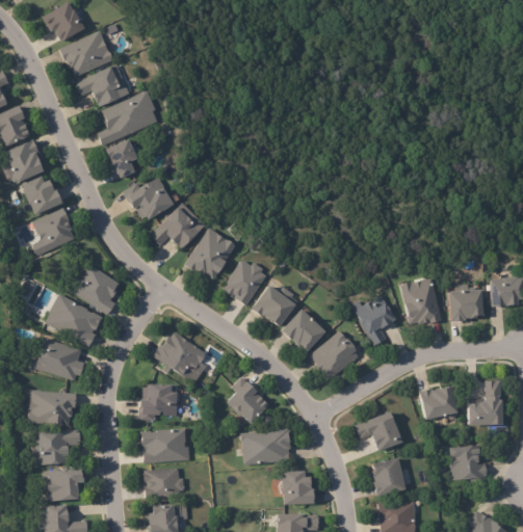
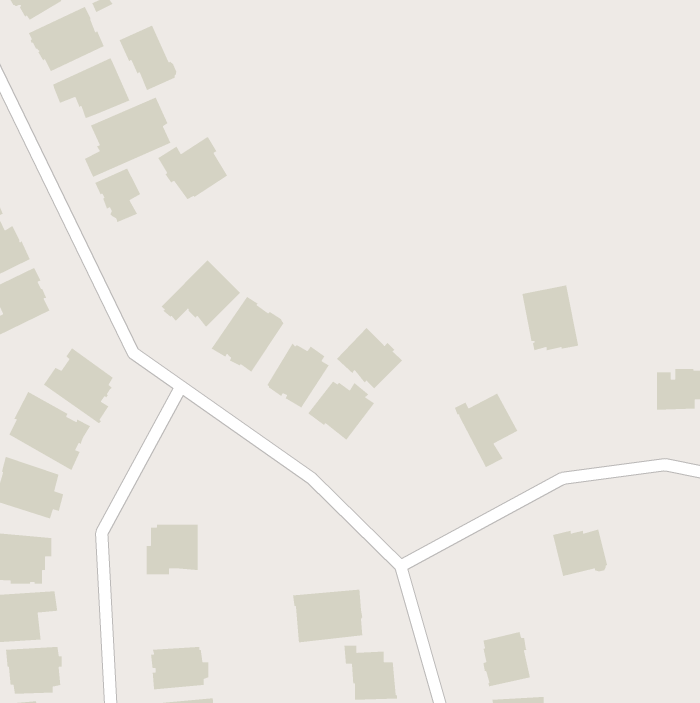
building: none -> [118,25,177,91]
building: [124,177,173,220] -> [157,137,228,200]
building: [402,278,442,324] -> [522,285,579,351]
building: [449,284,485,322] -> none
building: [281,310,326,352] -> [336,327,403,389]
building: [310,330,359,381] -> none
building: [154,331,206,379] -> none
building: [228,377,269,424] -> none
building: [469,379,503,427] -> none
building: [356,413,402,453] -> none
building: [141,429,190,464] -> none
building: [450,446,487,481] -> none

